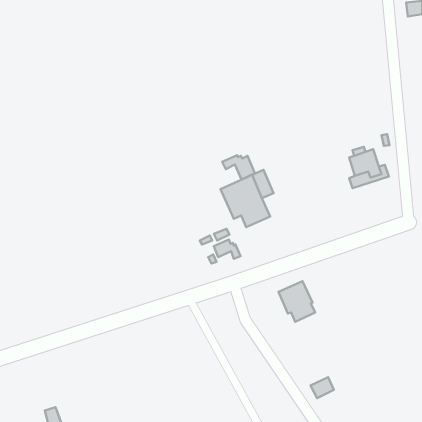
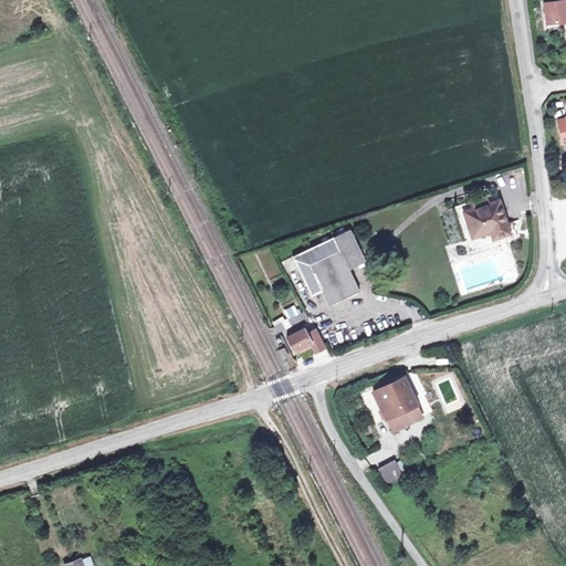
building: [222,155,255,180] -> none
building: [311,377,334,398] -> [375,459,406,486]

